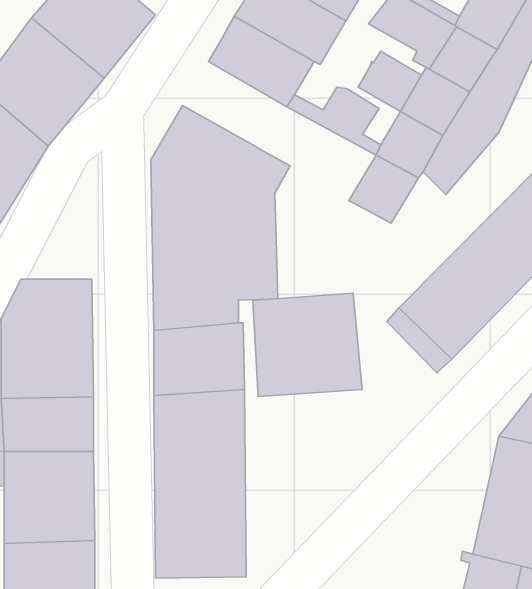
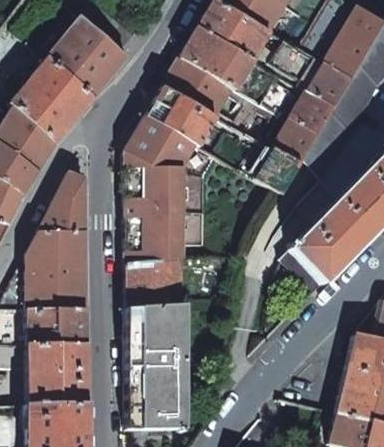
building: none -> [146,87,215,145]
building: none -> [39,172,86,231]
building: [253,293,362,397] -> none

